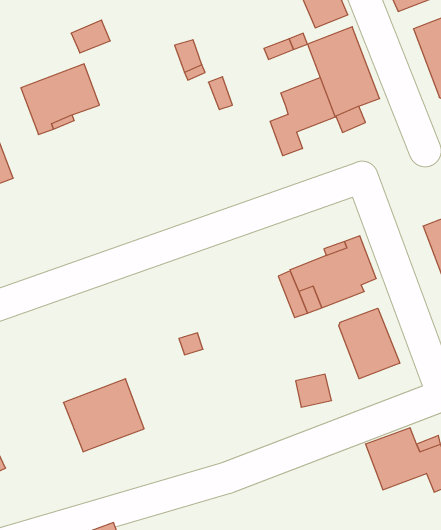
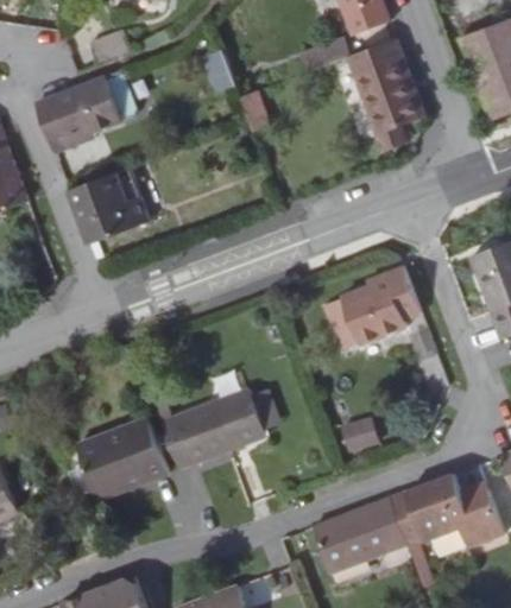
building: [270,77,335,156] -> none
building: none -> [65,166,147,245]
building: [339,308,400,379] -> none
building: none -> [160,387,266,469]
building: none -> [311,498,409,574]

